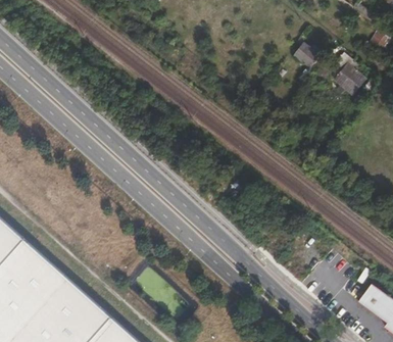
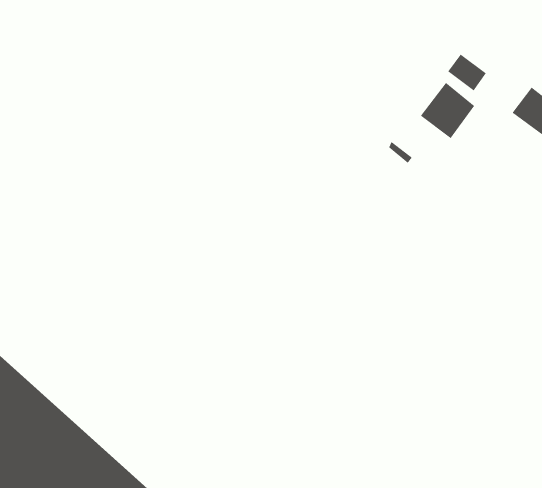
building: none -> [420,82,475,139]

